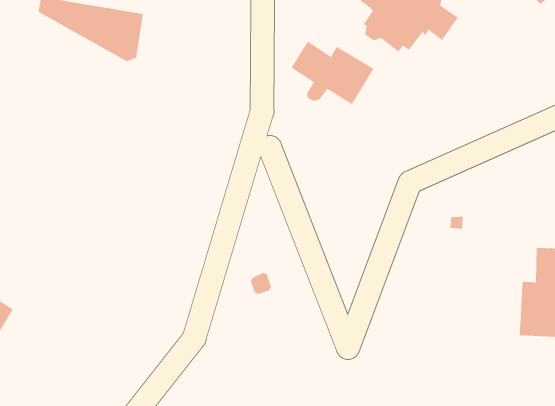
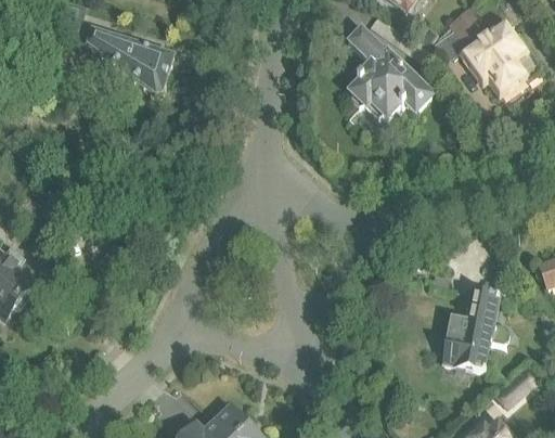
building: [290,40,374,105] -> none

